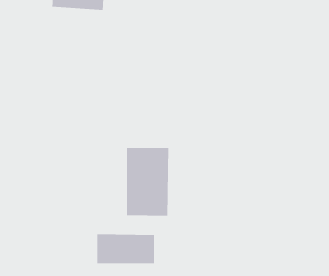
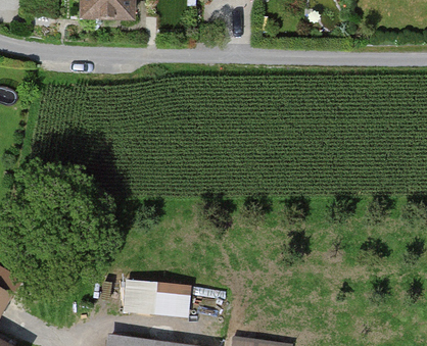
building: [126,147,169,217] -> none

